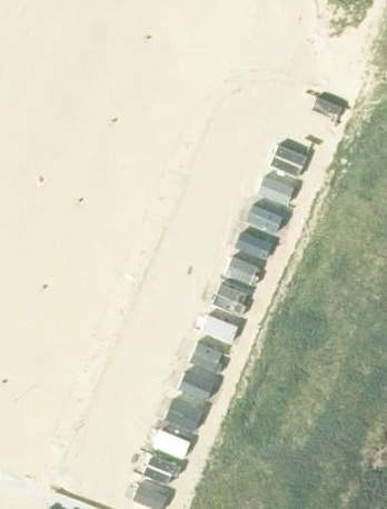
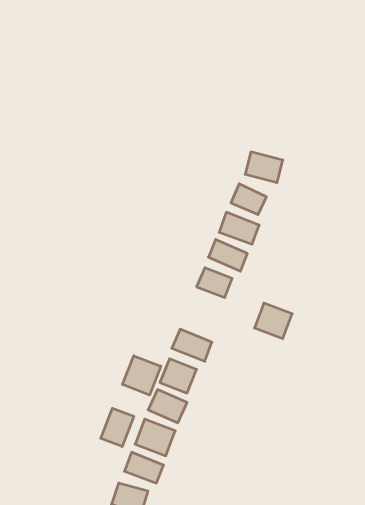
building: [212,282,248,316] -> [254,303,292,339]
building: none -> [123,356,161,395]
building: none -> [101,408,134,447]

